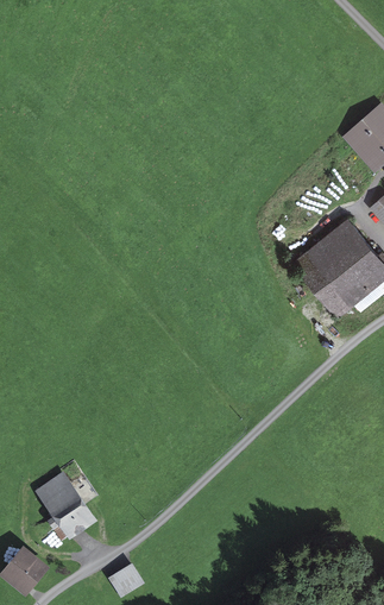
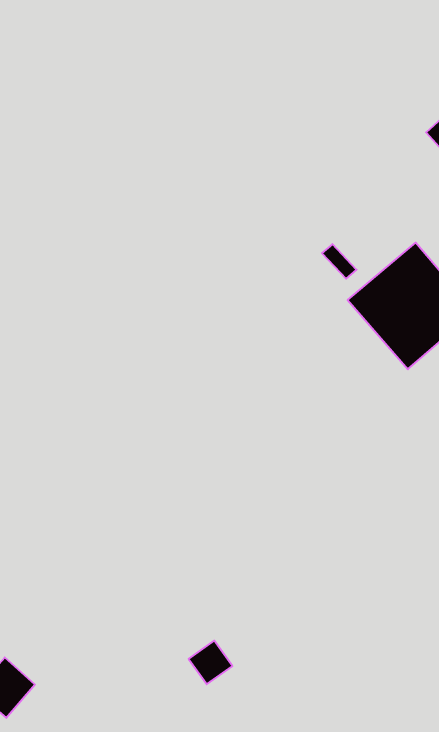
building: [38,475,93,538] -> none
building: [112,562,146,597] -> [189,641,232,684]

